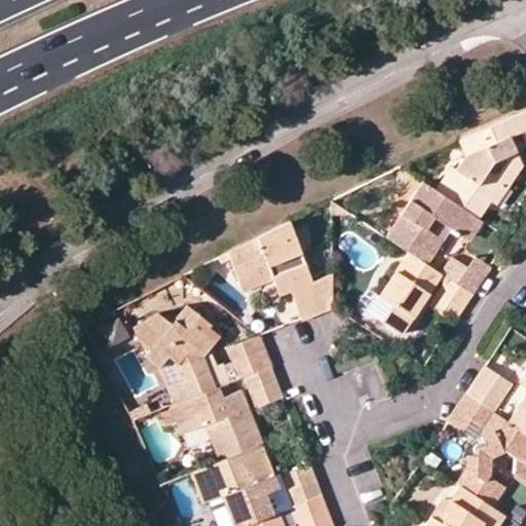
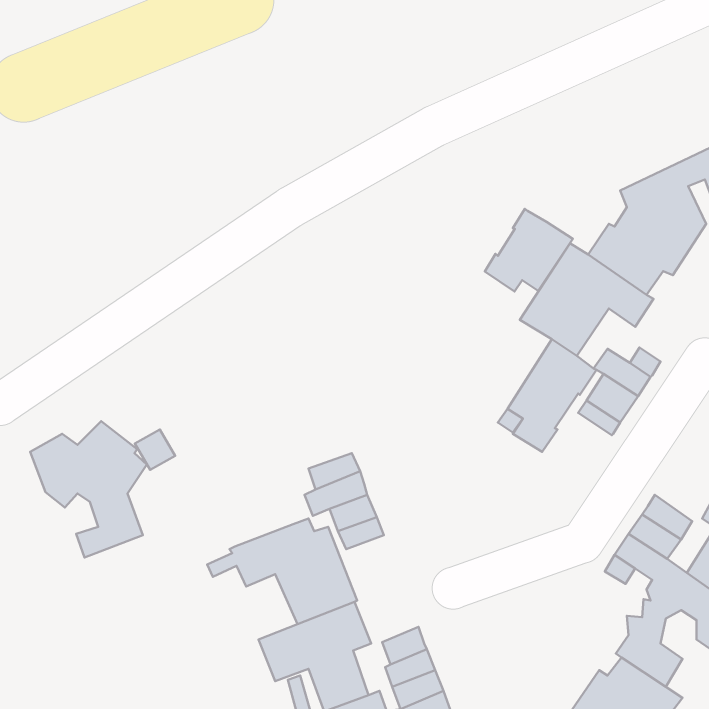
building: none -> [485,209,573,292]
building: [229,221,334,318] -> none
building: [135,304,221,405] -> [30,421,147,558]

